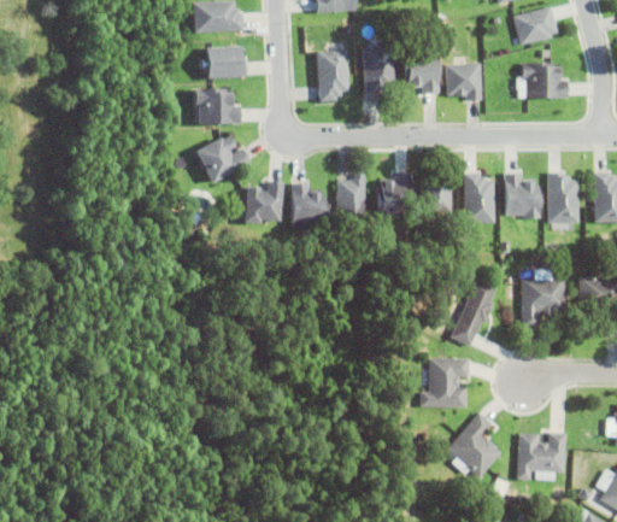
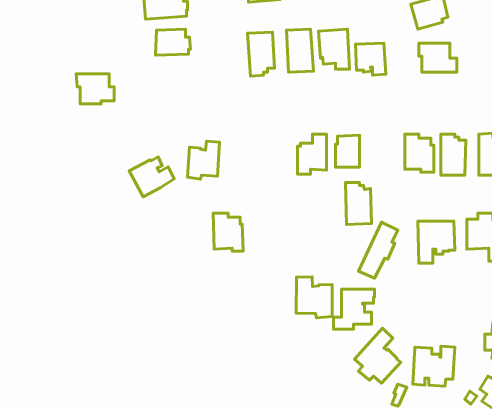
building: [193,92,239,128] -> [76,74,114,104]
building: [194,137,248,186] -> [129,157,174,197]
building: [336,174,365,222] -> none
building: [464,174,495,224] -> [346,182,372,224]
building: [290,184,327,230] -> [213,213,243,251]
building: none -> [296,277,332,318]

